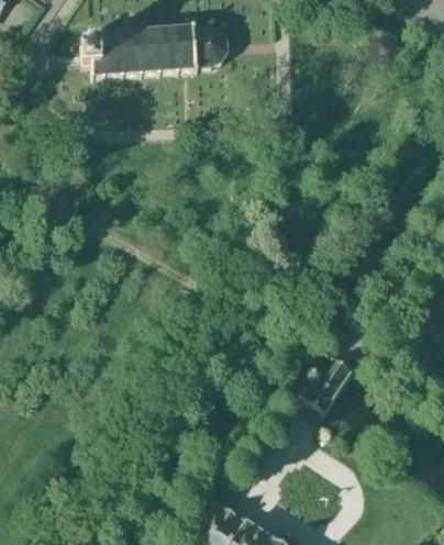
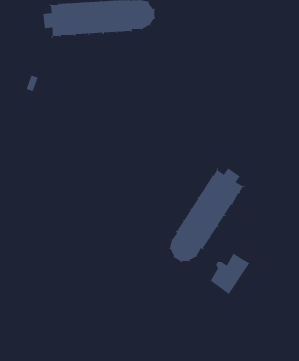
building: none -> [169,167,246,263]

